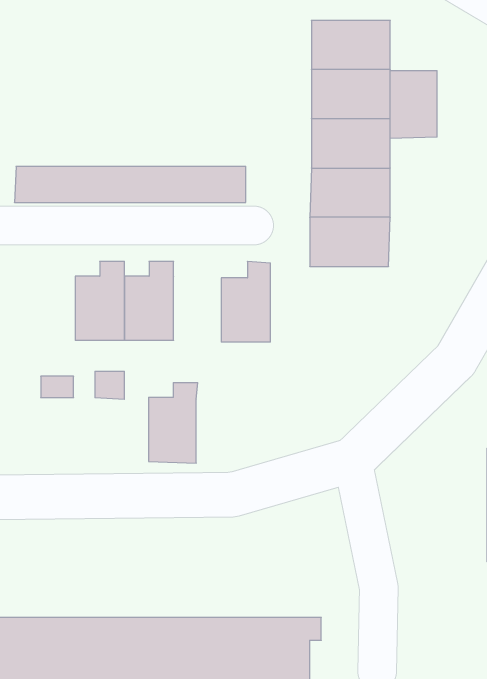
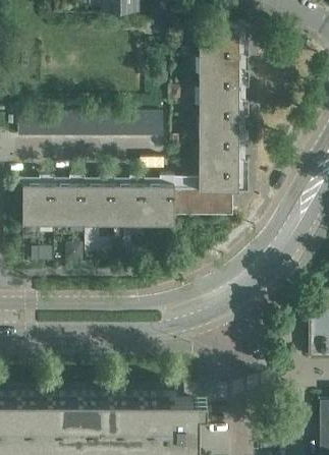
building: [390,71,437,138] -> none
building: none -> [21,175,52,224]
building: none -> [173,178,246,215]
building: [149,383,198,463] -> [113,175,144,225]

